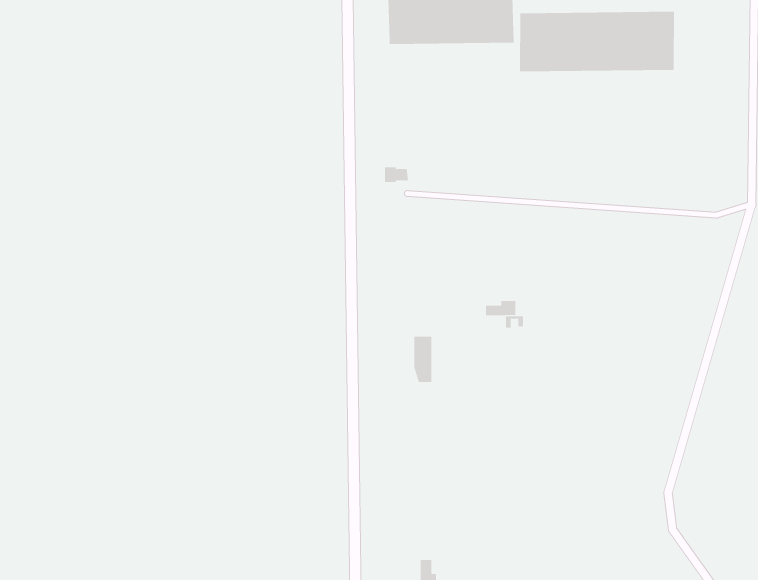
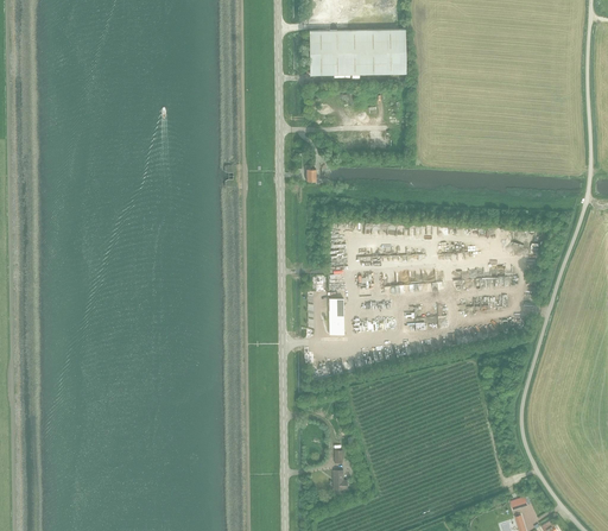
building: [520,11,675,72] -> none

